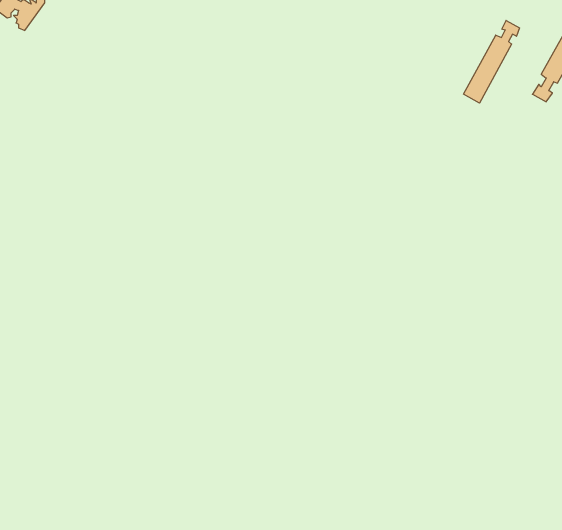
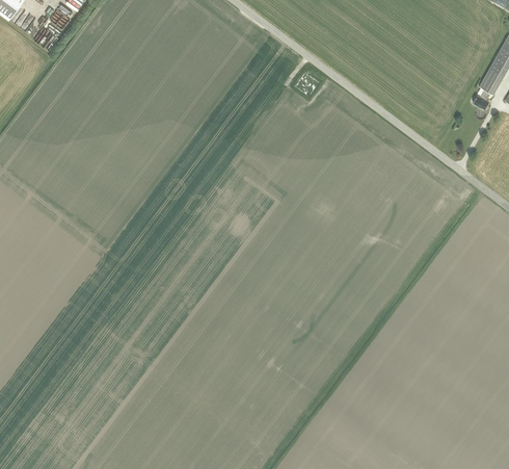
building: [464,20,520,103] -> none

